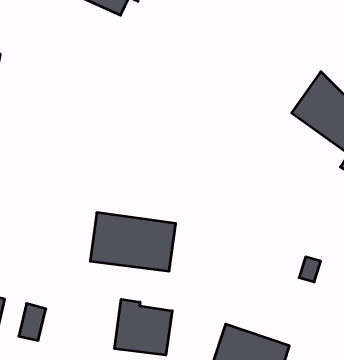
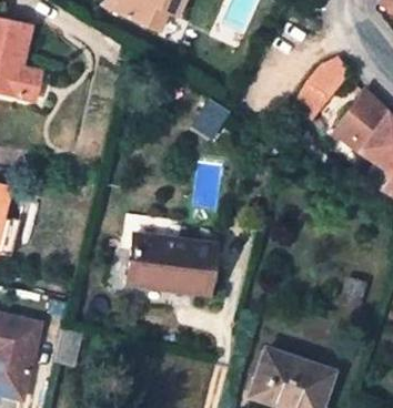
building: none -> [292,57,350,121]
building: [115,299,172,355] -> none

